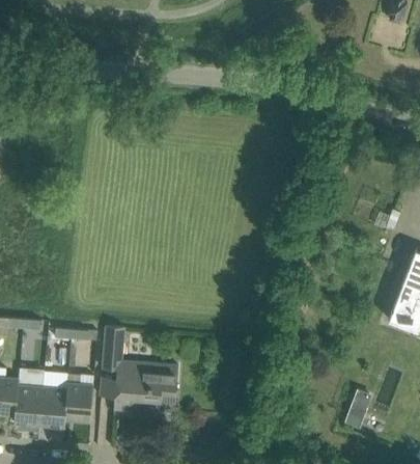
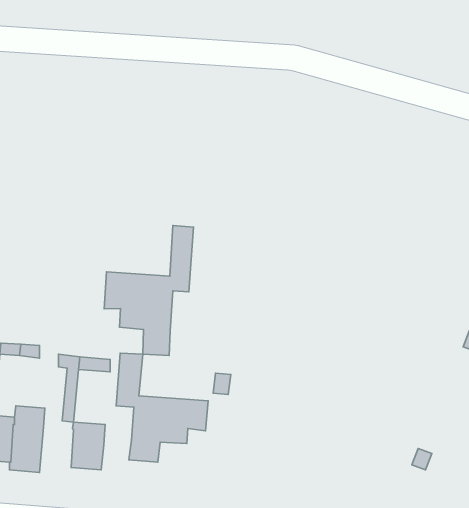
building: none -> [104,225,193,356]
building: [39,387,67,427] -> none

